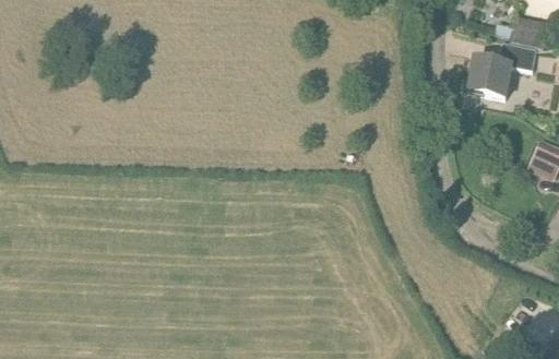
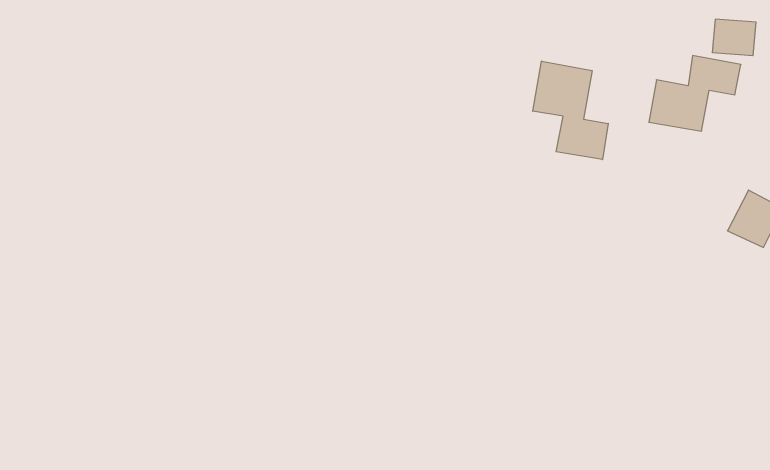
building: none -> [533,61,608,160]

